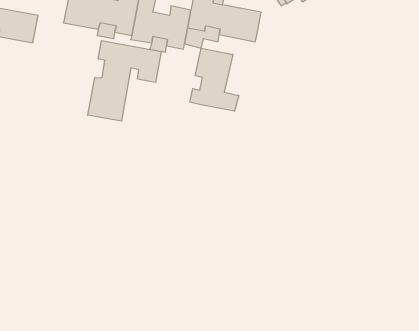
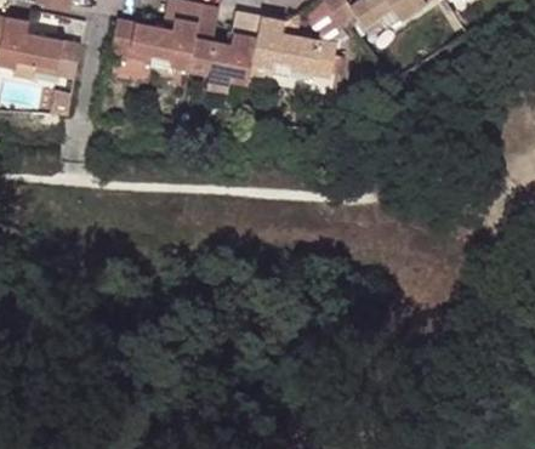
building: [88,41,161,121] -> none
building: [190,48,239,111] -> none

